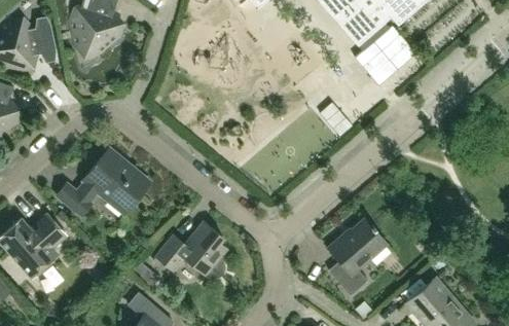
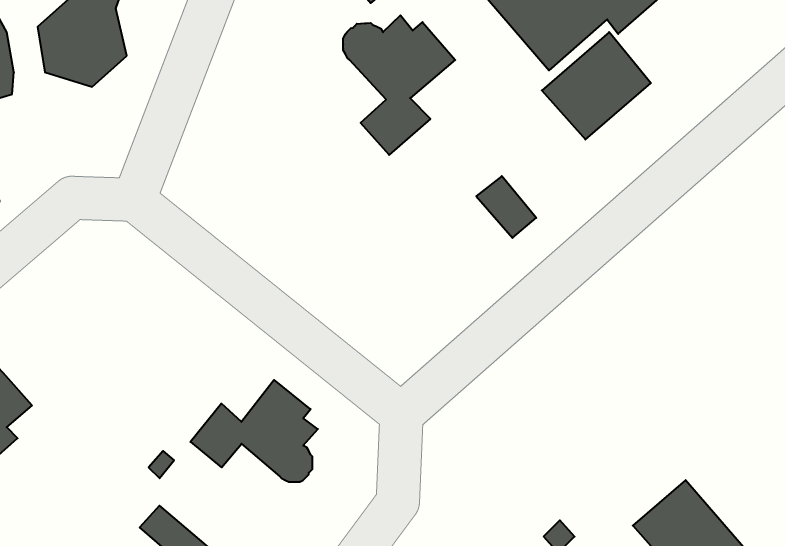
building: none -> [343,15,455,155]
building: [57,148,149,216] -> none
building: [328,218,387,295] -> none

